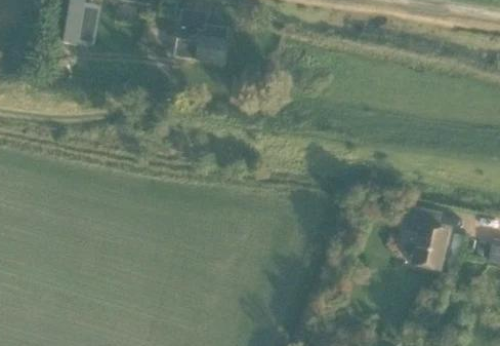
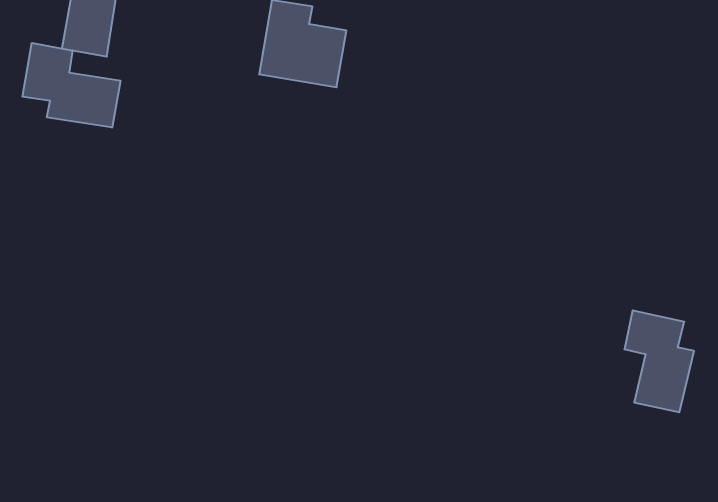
building: none -> [23,43,120,128]

